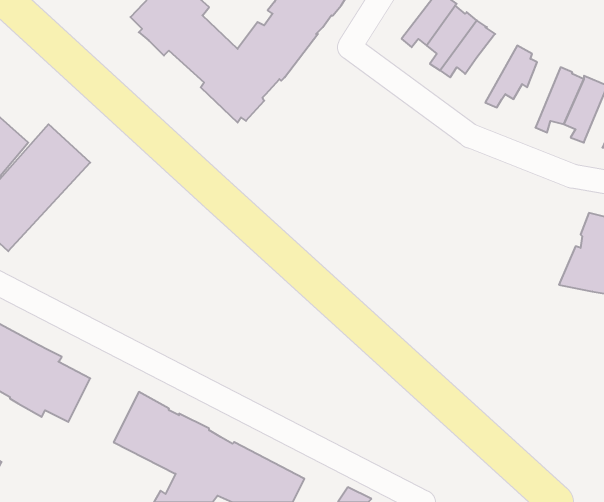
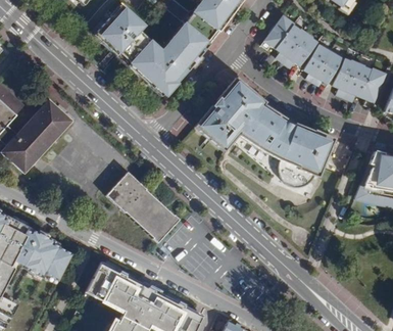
building: none -> [305,43,332,84]
building: none -> [333,58,358,99]
building: none -> [195,78,339,190]
building: none -> [103,172,179,243]

